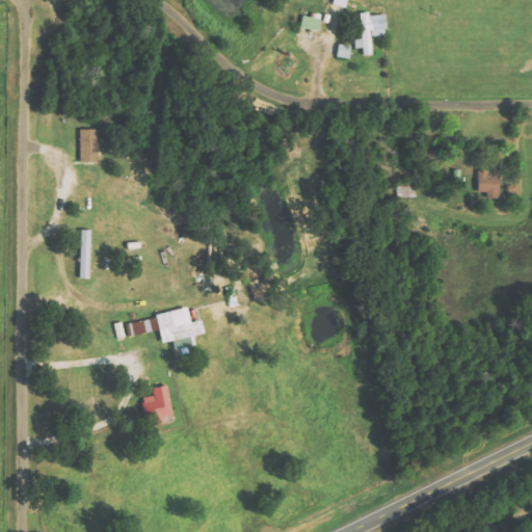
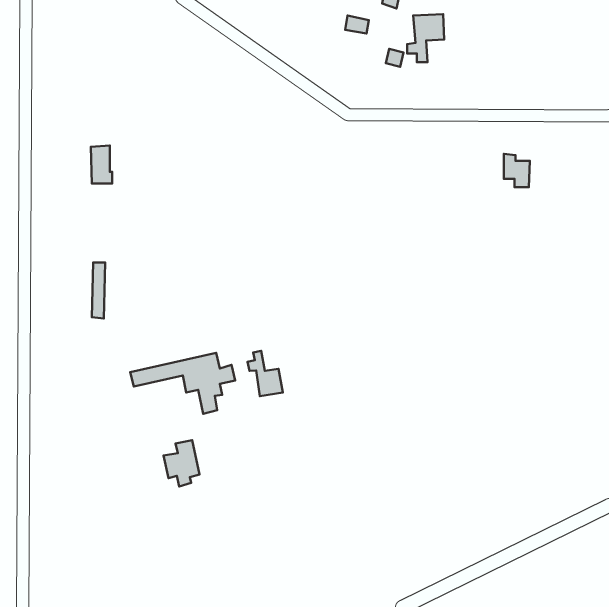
building: [477,168,500,197] -> [504,154,530,187]
building: none -> [248,351,283,396]

